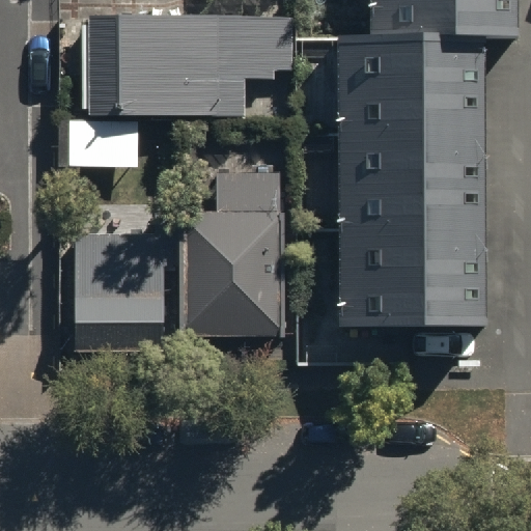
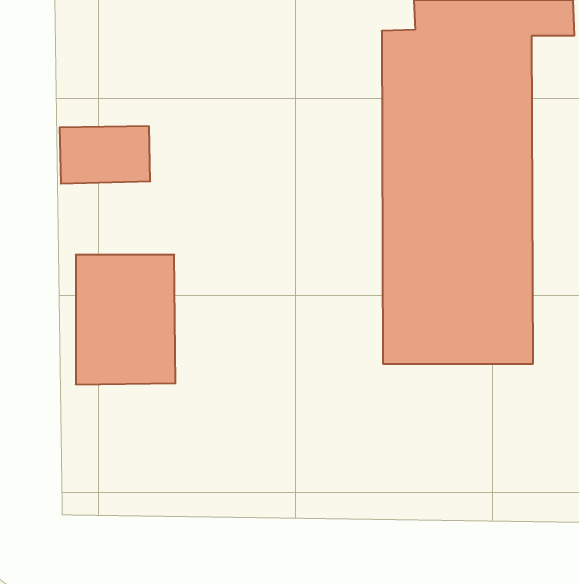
building: [82,12,295,107] -> none
building: [177,169,286,334] -> none

